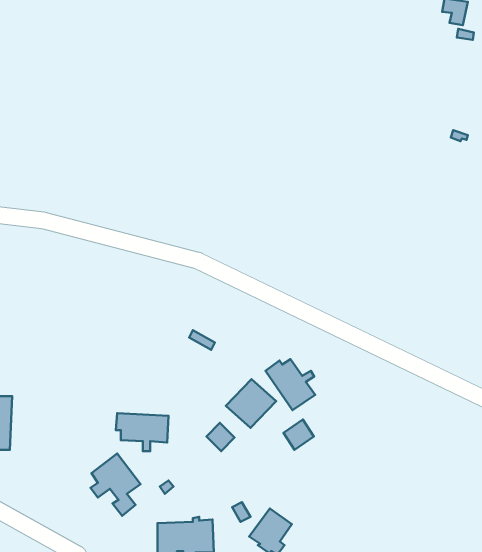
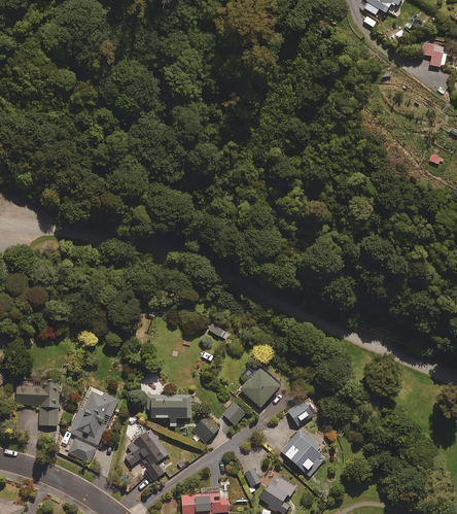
building: [265,359,315,410] -> none
building: none -> [69,388,118,460]
building: none -> [191,414,219,446]
building: none -> [280,430,325,477]

